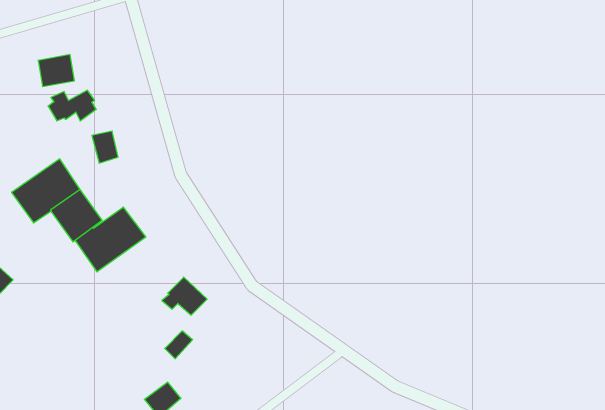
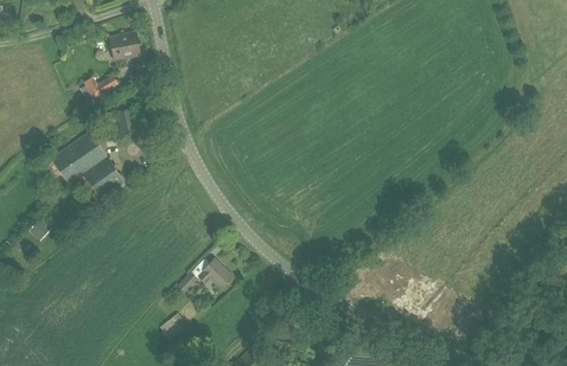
building: [38,55,74,87] -> [110,32,140,58]
building: [75,207,146,272] -> none
building: [162,277,207,315] -> [197,256,234,287]

